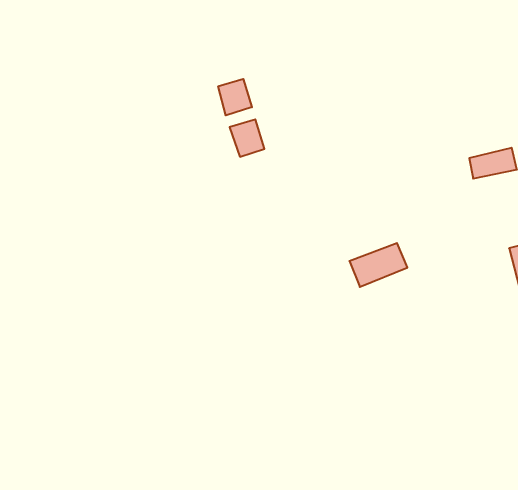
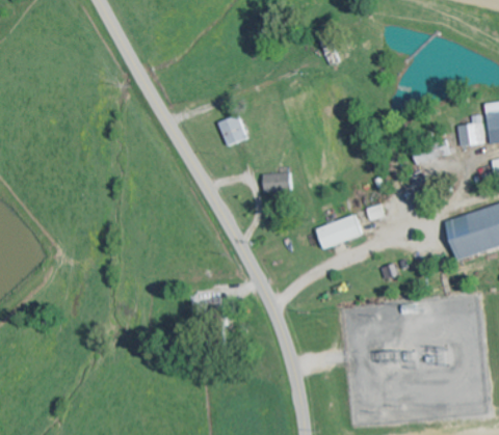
building: [218,79,252,115] -> none
building: none -> [261,170,290,193]

